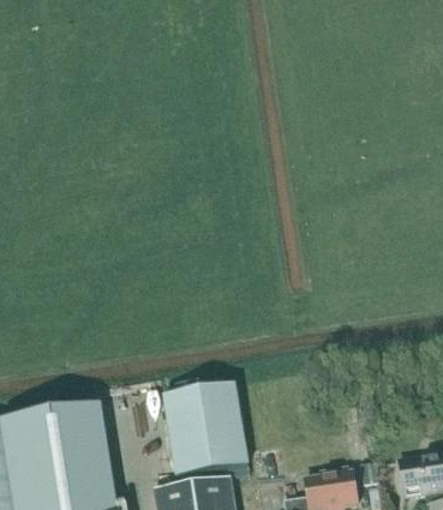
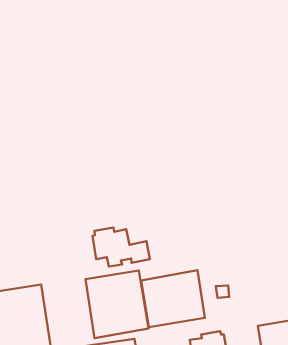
building: none -> [92,227,150,266]
building: none -> [141,270,205,327]

